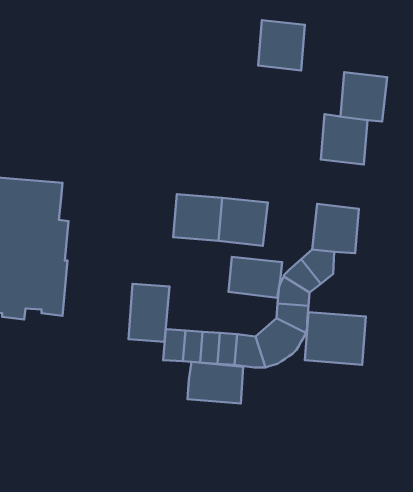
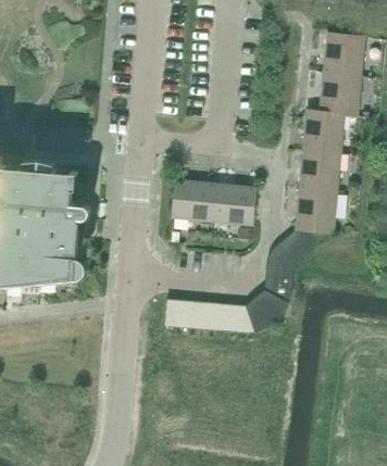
building: [258,20,305,70] -> [324,32,365,76]
building: none -> [300,149,341,192]
building: [229,257,282,298] -> none
building: [128,284,170,342] -> none
building: [305,312,366,365] -> none
building: [187,362,243,403] -> none

